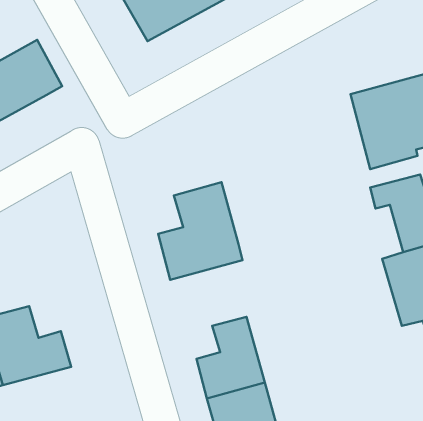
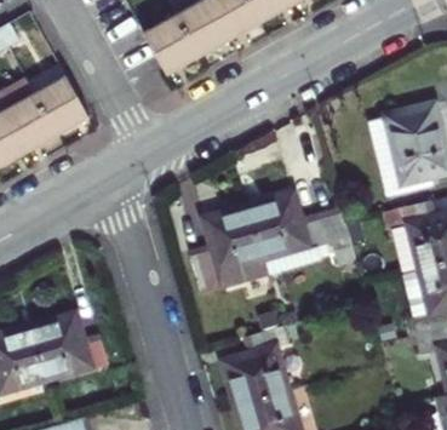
building: none -> [242,190,345,258]

